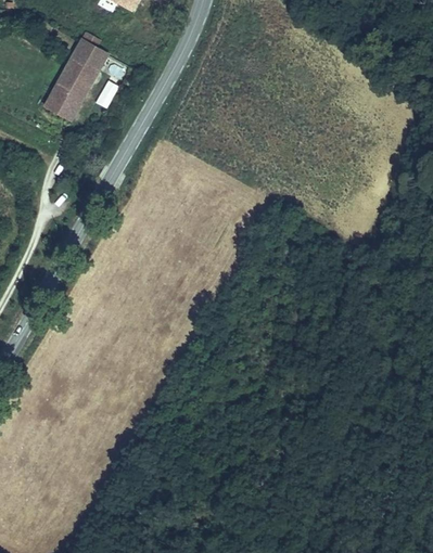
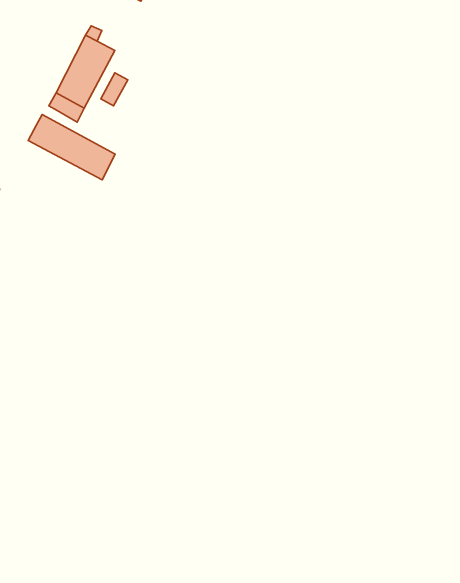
building: none -> [28,115,115,180]

